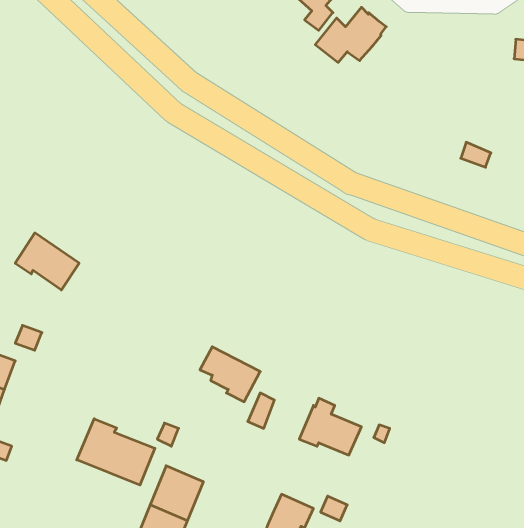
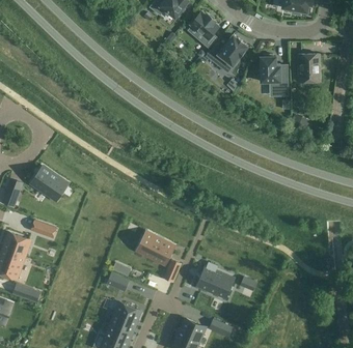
building: none -> [259,54,288,96]
building: none -> [297,54,319,82]
building: [77,419,155,485] -> none

